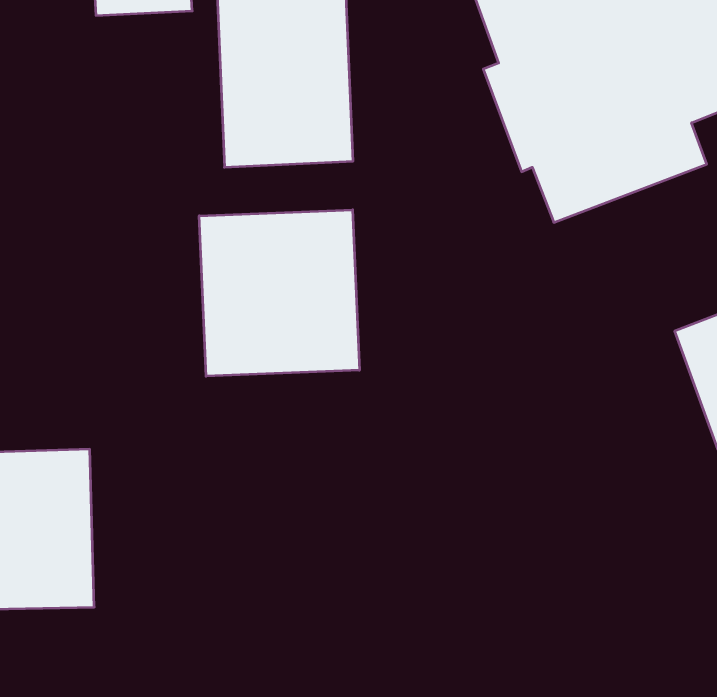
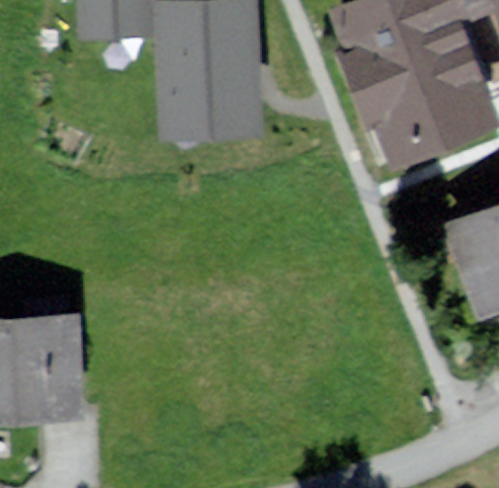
building: [199,210,359,376] -> none

